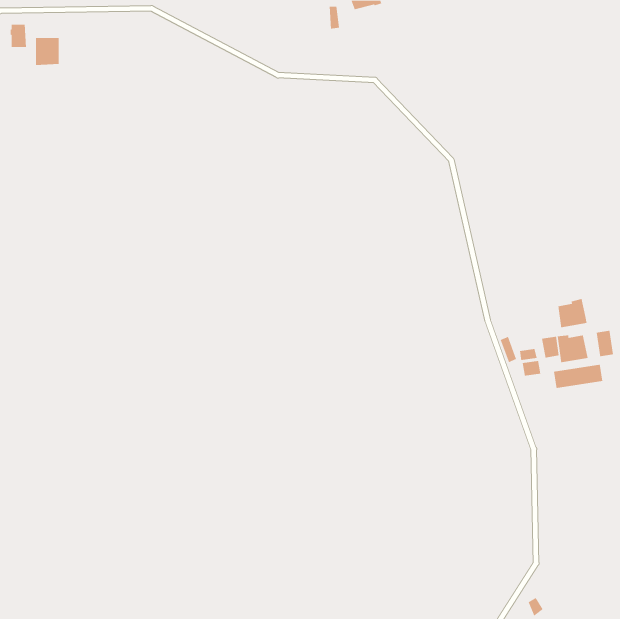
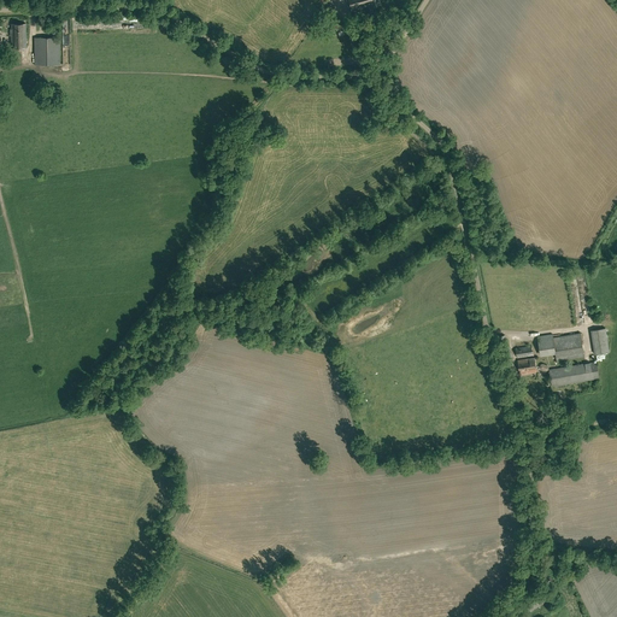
building: [558,298,587,328] -> none

